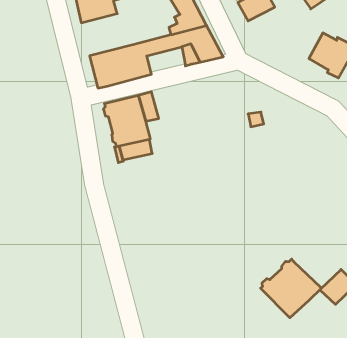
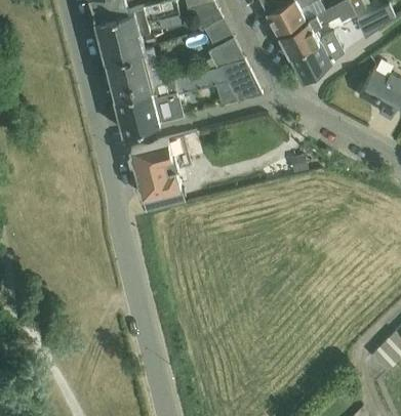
building: none -> [290,37,340,81]
building: none -> [105,45,162,94]
building: [261,259,321,318] -> none

